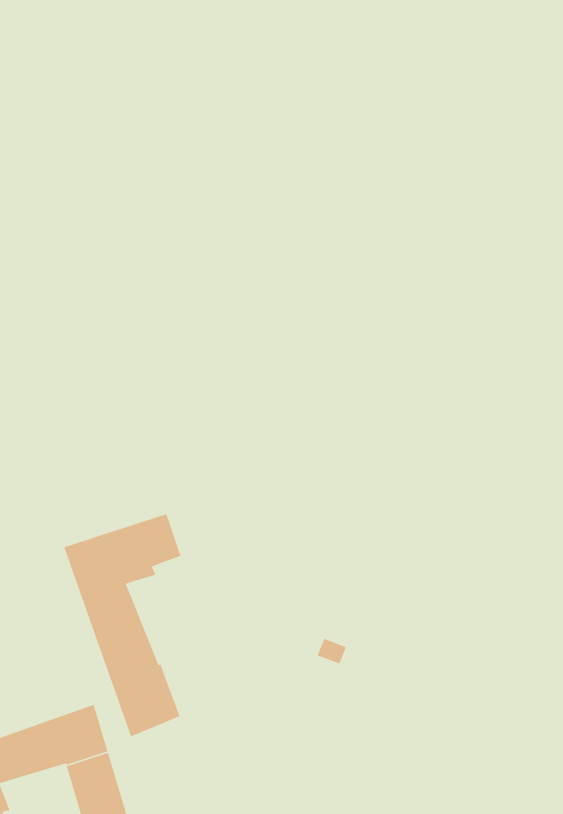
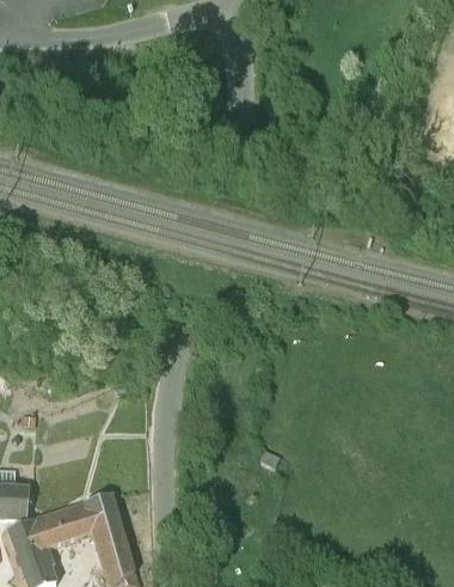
building: [63,513,181,738] -> none

